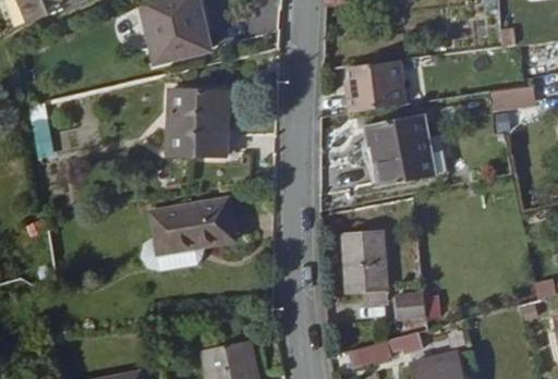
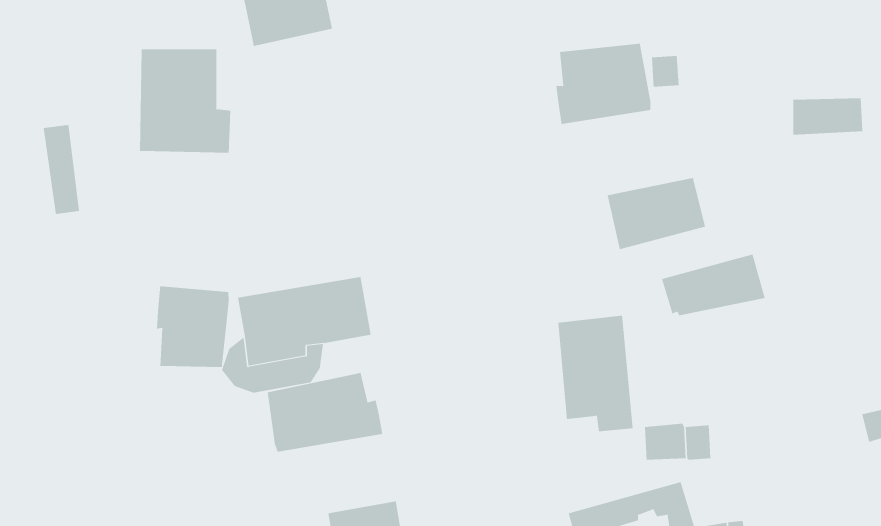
building: [171,94,228,158] -> [139,49,231,153]
building: [365,114,429,152] -> [661,254,765,316]
building: none -> [156,285,229,368]
building: none -> [267,372,383,452]

